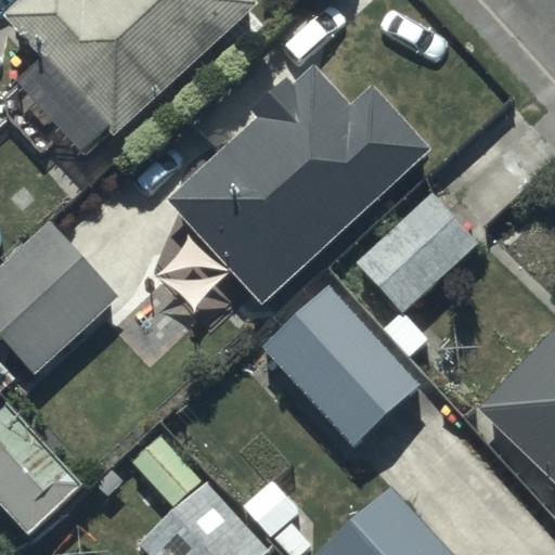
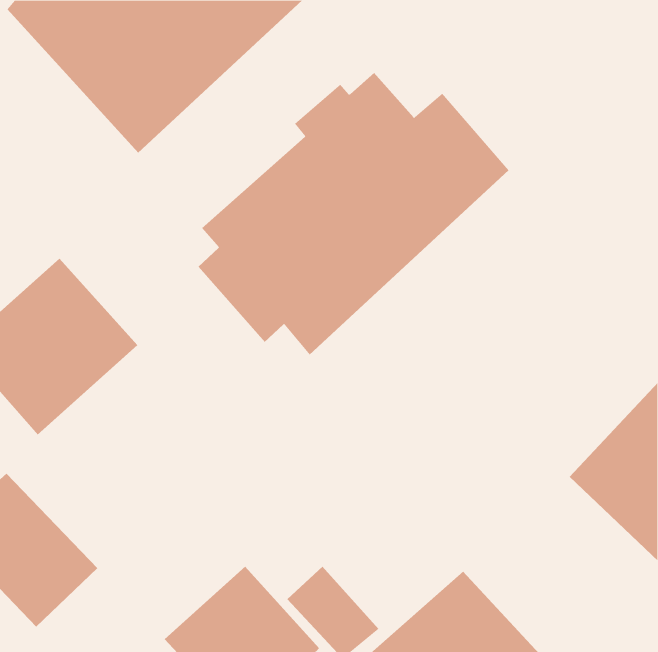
building: [359,193,478,311] -> none
building: [263,285,420,443] -> none

